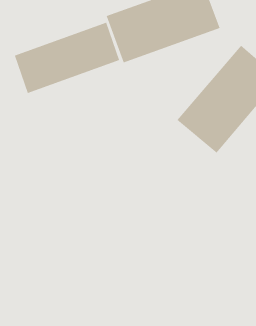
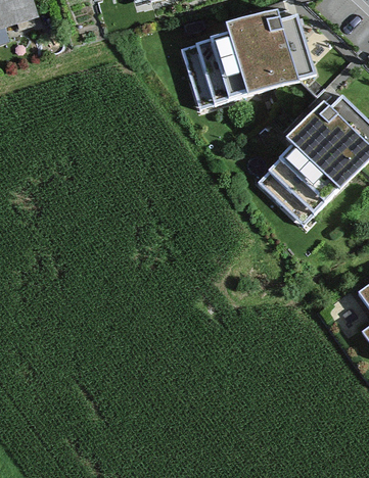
building: [14,22,120,94] -> none

